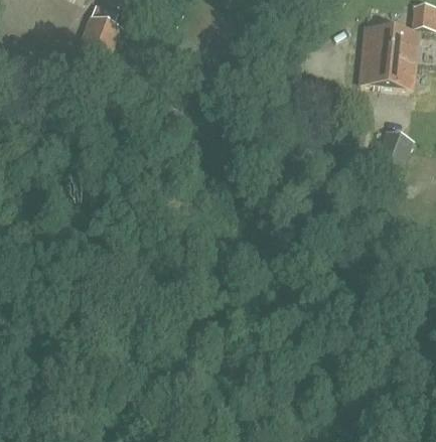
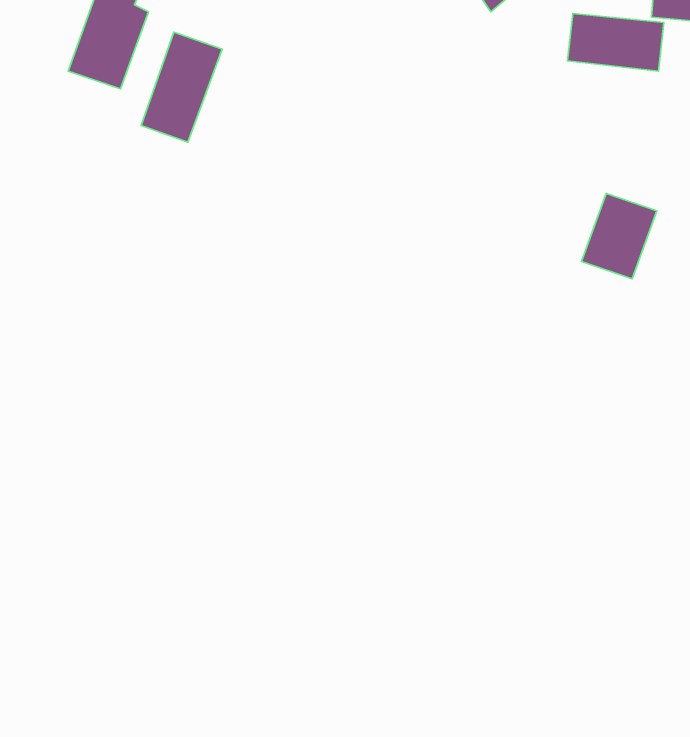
building: none -> [141,32,222,142]
building: [360,51,416,86] -> none

